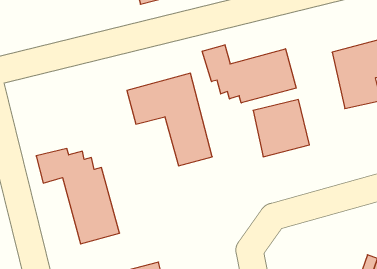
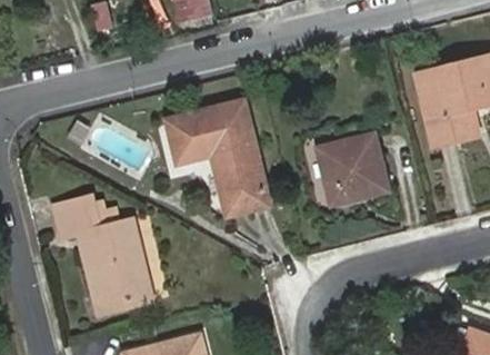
building: [202,45,296,103] -> none

